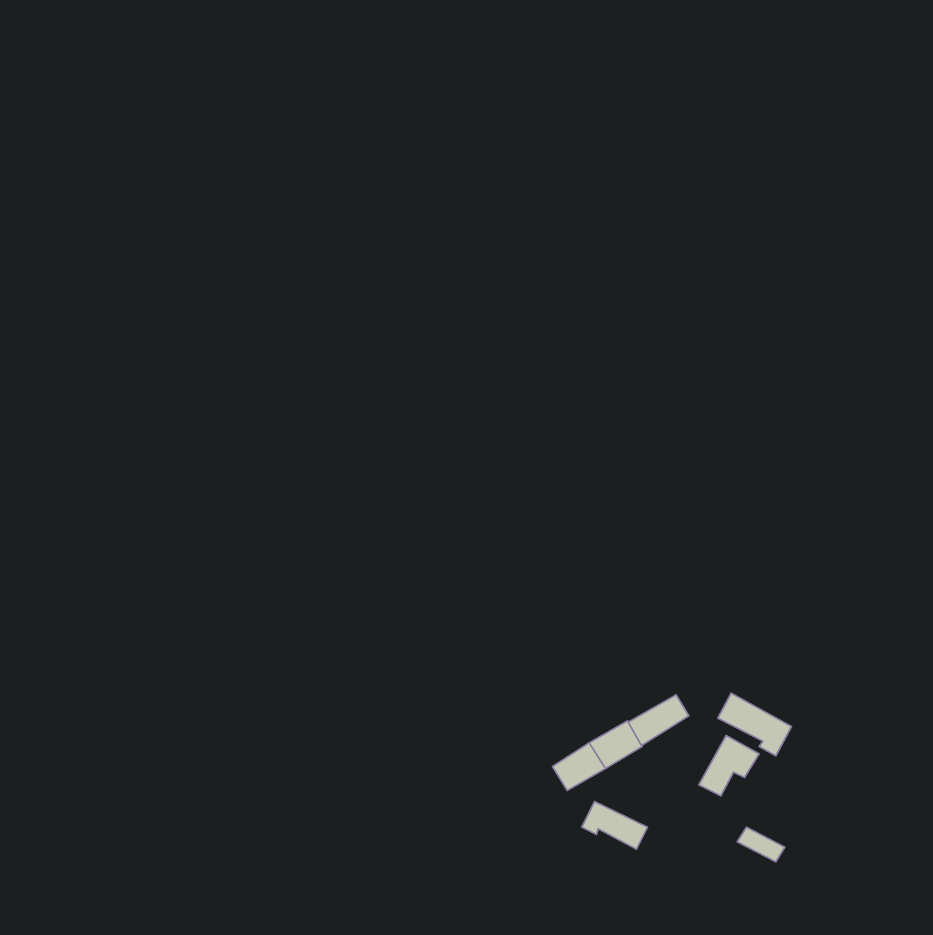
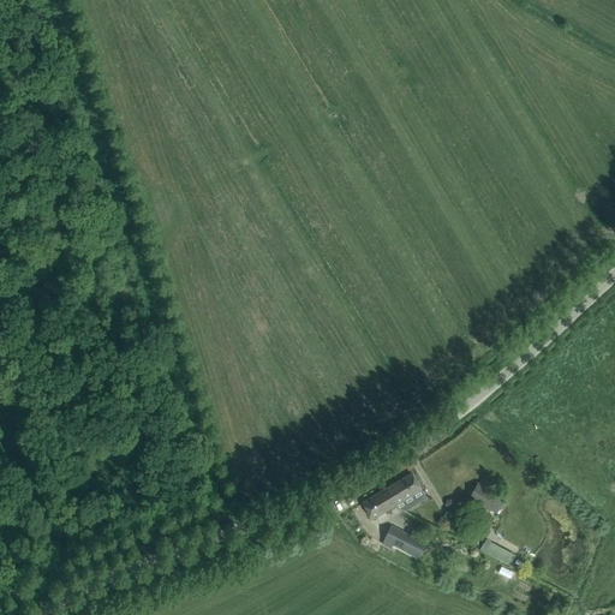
building: [718,693,791,756] -> none
building: [628,695,689,745] -> none

